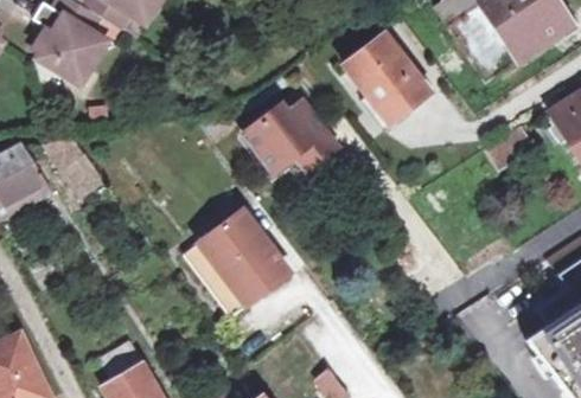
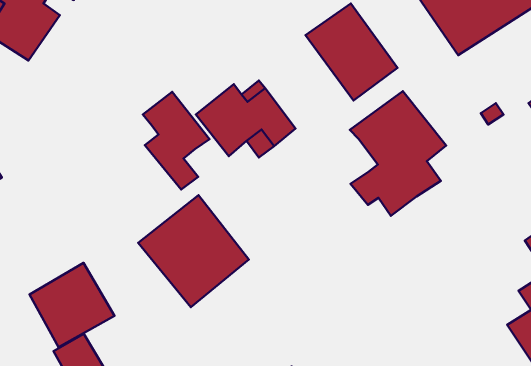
building: none -> [350,91,446,216]
building: none -> [143,92,209,190]
building: none -> [29,263,115,347]

